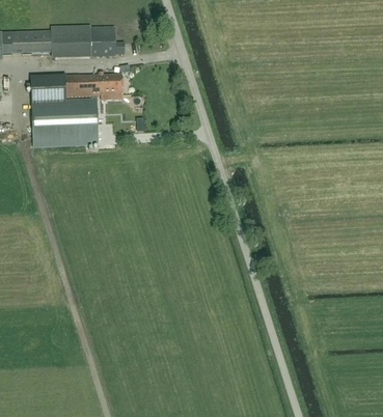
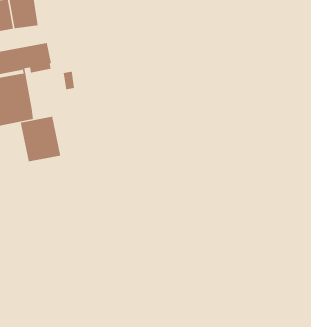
building: none -> [20,116,61,162]

